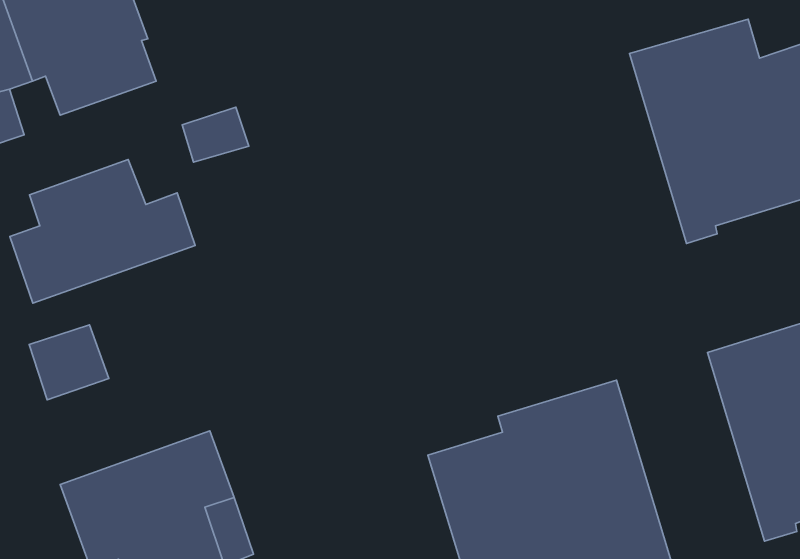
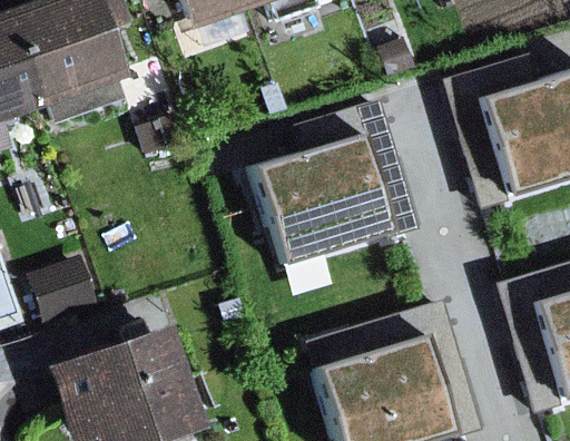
building: none -> [253,102,415,266]
building: [10,160,195,303] -> none

